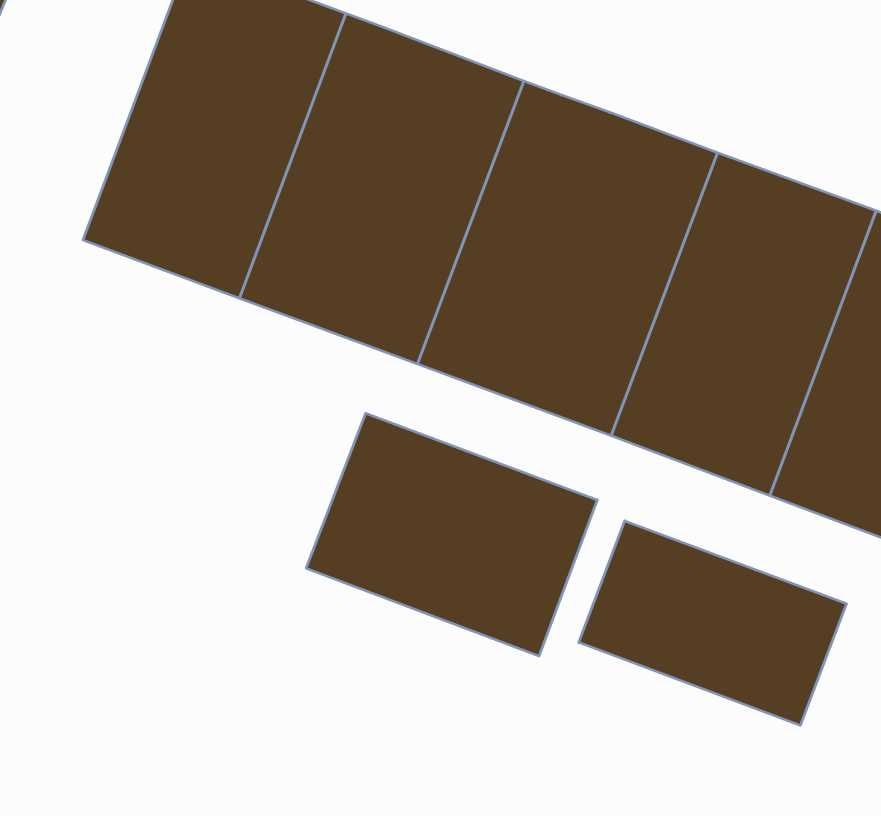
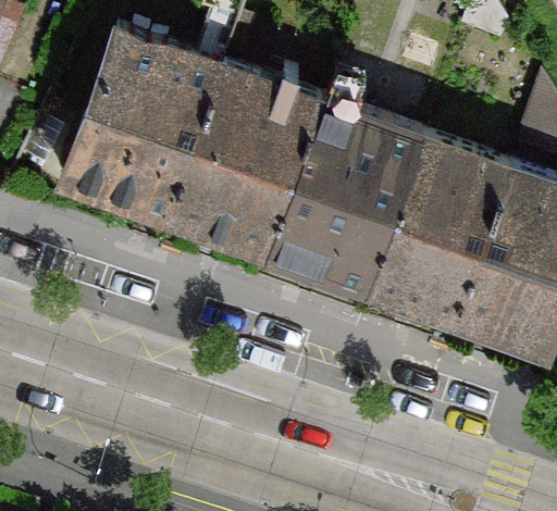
building: [306,413,597,656] -> none
building: [579,521,846,725] -> none

